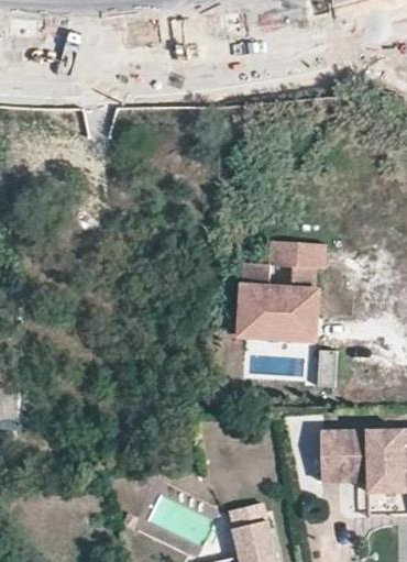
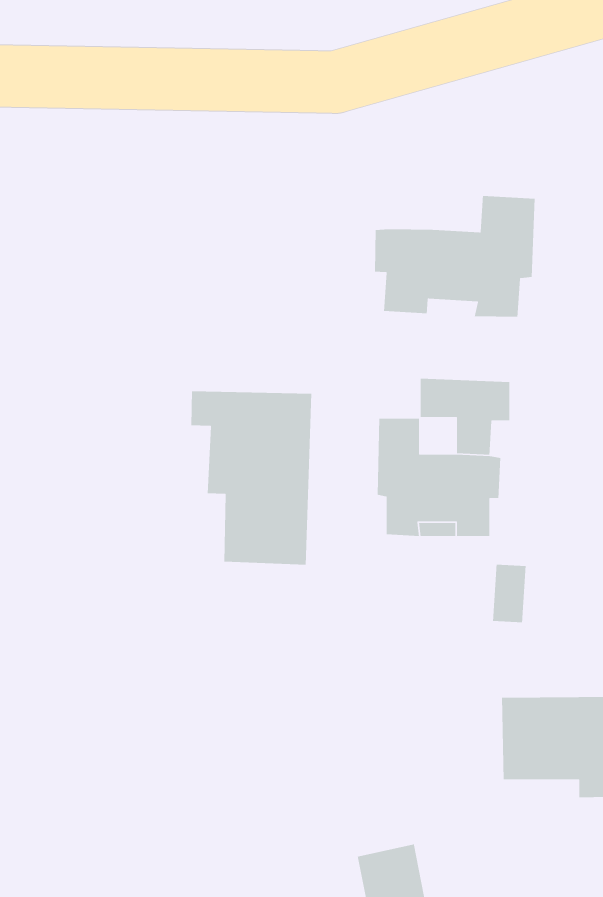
building: none -> [374,195,536,317]
building: none -> [190,390,312,566]

